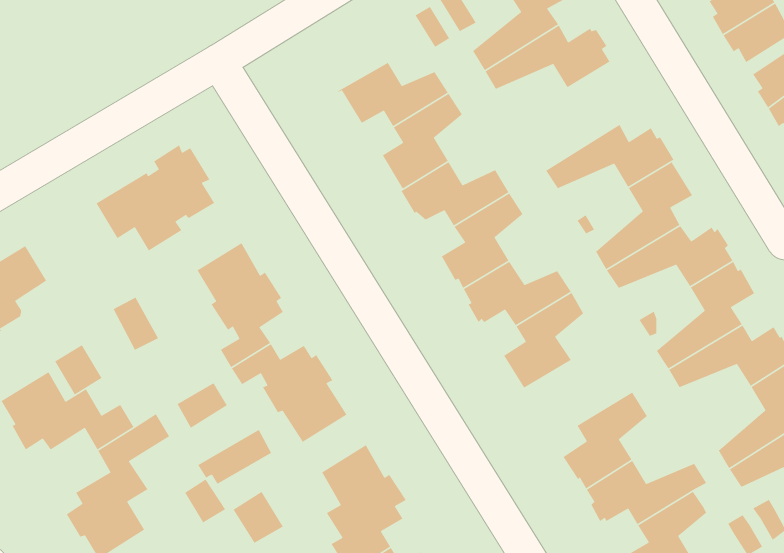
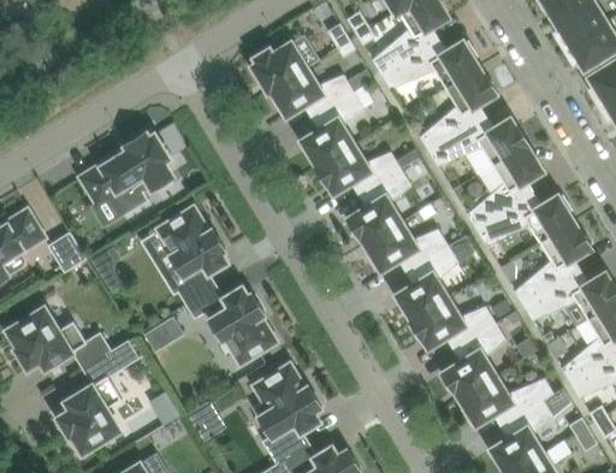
building: none -> [253,42,307,90]
building: none -> [420,67,497,152]
building: [54,344,102,395] -> [48,232,85,272]
building: none -> [410,298,496,349]
building: [197,429,272,485] -> none

